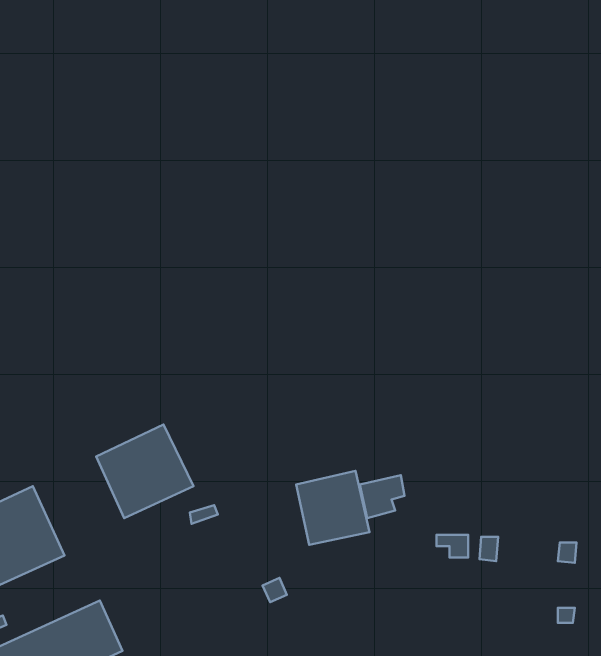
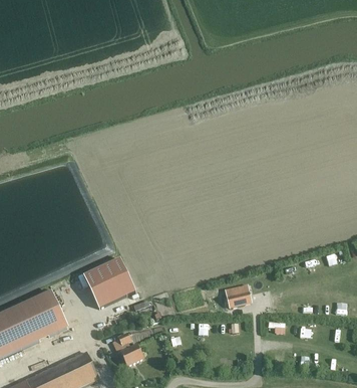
building: [296,471,369,545] -> none
building: none -> [117,333,143,366]

